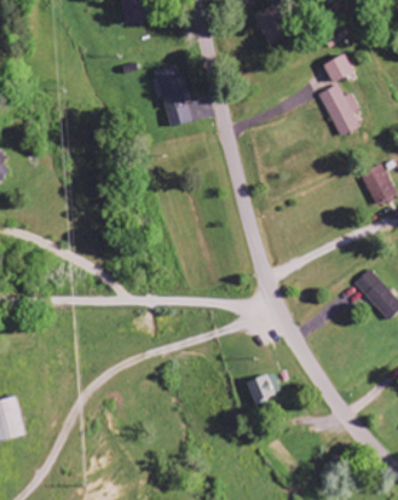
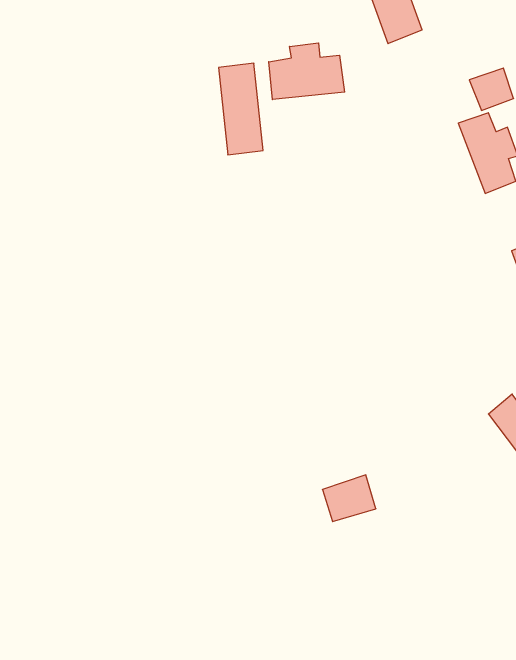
building: none -> [269,43,345,100]
building: [246,370,282,403] -> [322,475,376,522]

